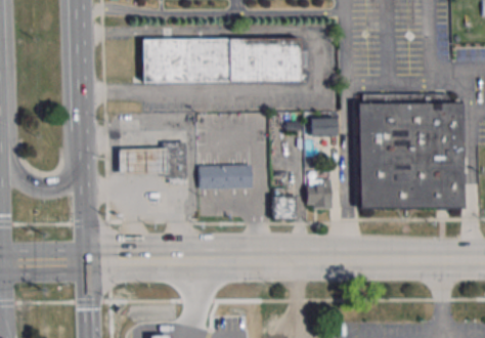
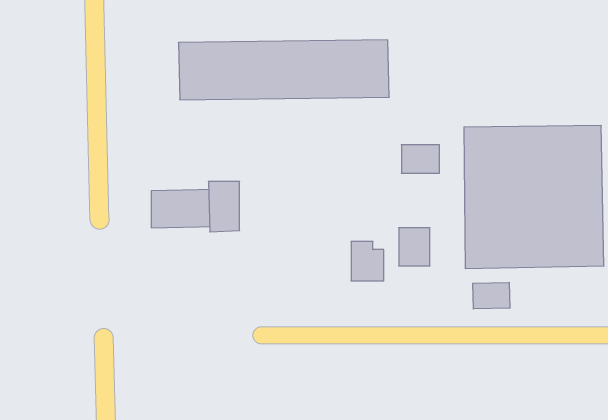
building: [200,165,253,188] -> none
building: none -> [473,282,510,309]

